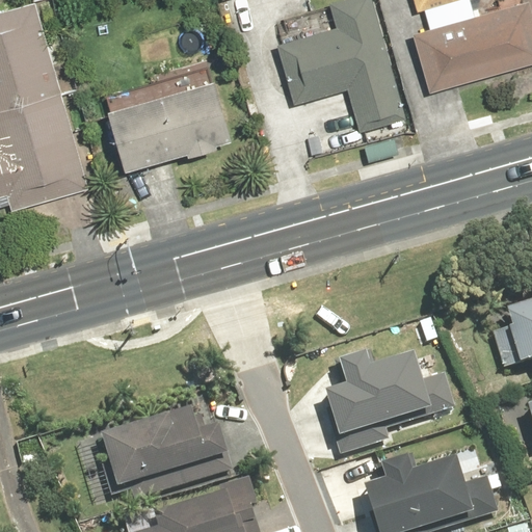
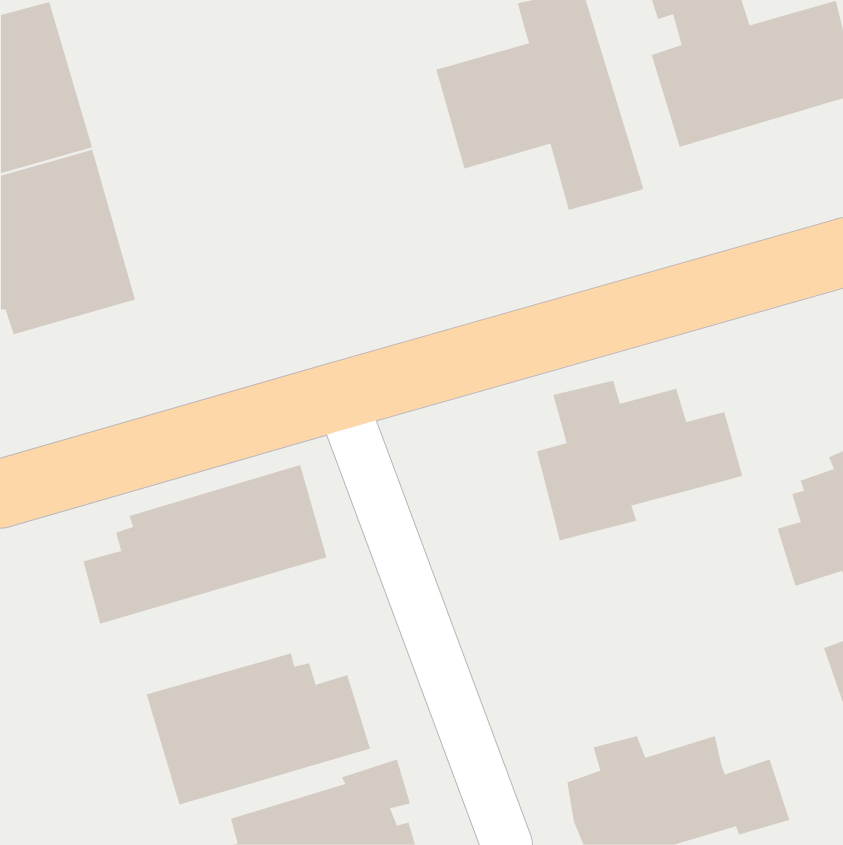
building: [102,80,227,174] -> none
building: none -> [83,464,327,624]
building: [330,345,460,446] -> [536,380,743,541]

